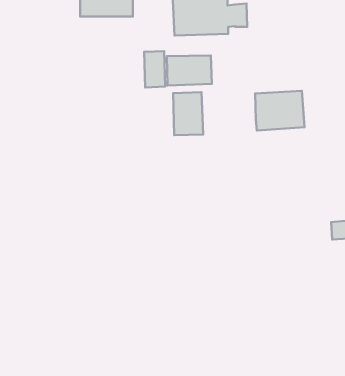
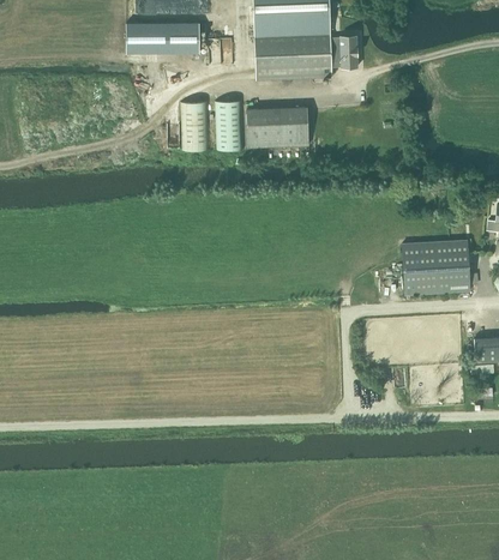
building: none -> [180,102,209,150]
building: [255,91,304,131] -> [402,240,470,295]
building: [173,92,203,135] -> none

